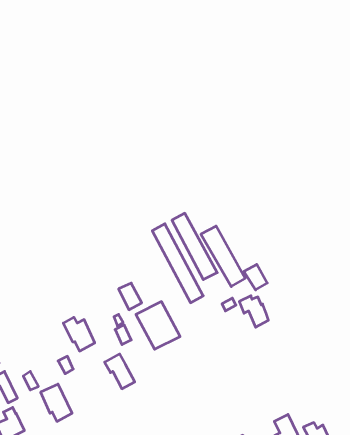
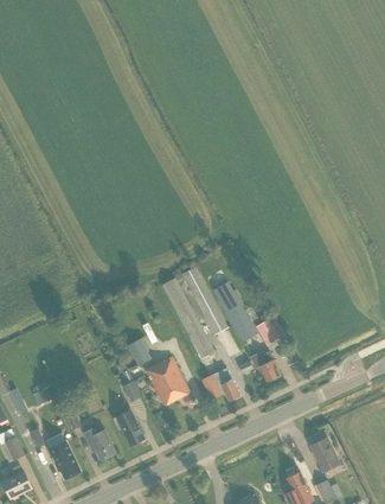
building: none -> [201,368,239,401]
building: [63,317,95,351] -> [83,427,115,461]
building: none -> [309,438,339,472]

